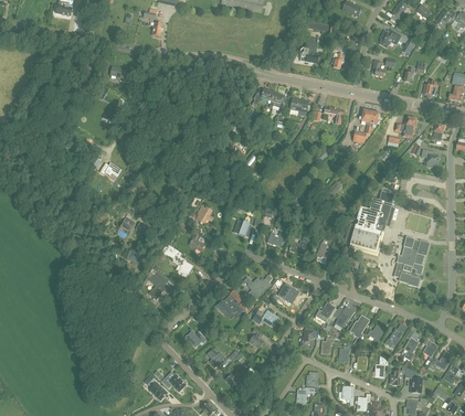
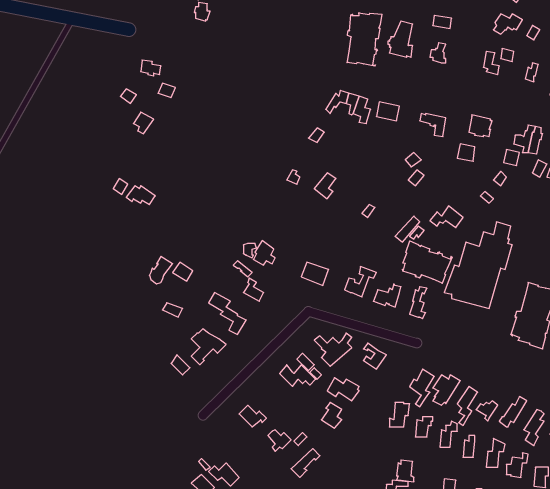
building: none -> [347,13,382,66]
building: none -> [403,241,452,283]

